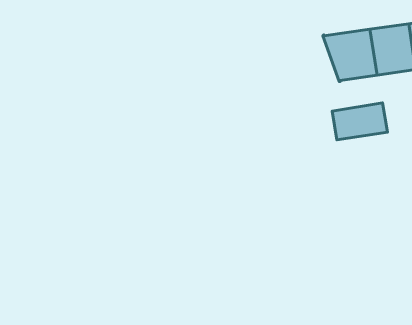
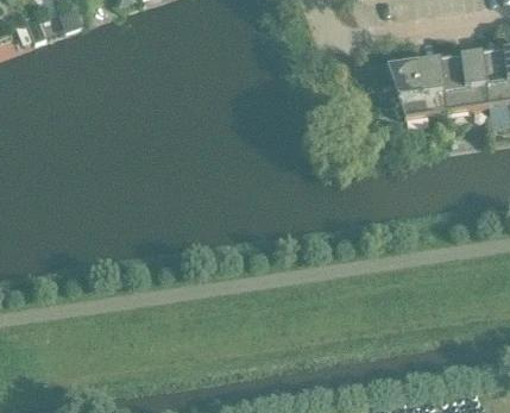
building: [332,103,388,140] -> none

